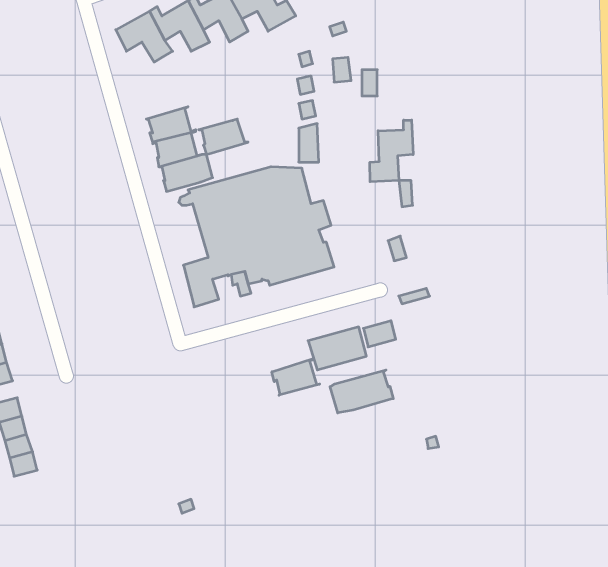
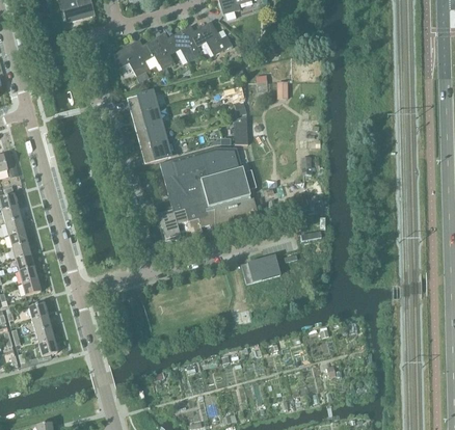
building: [199,119,248,154] -> [127,89,160,113]
building: [370,120,413,182] -> none
building: [272,358,320,395] -> none
building: [330,370,393,413] -> none

